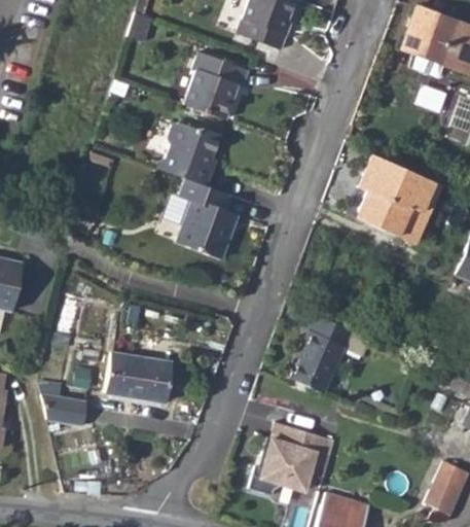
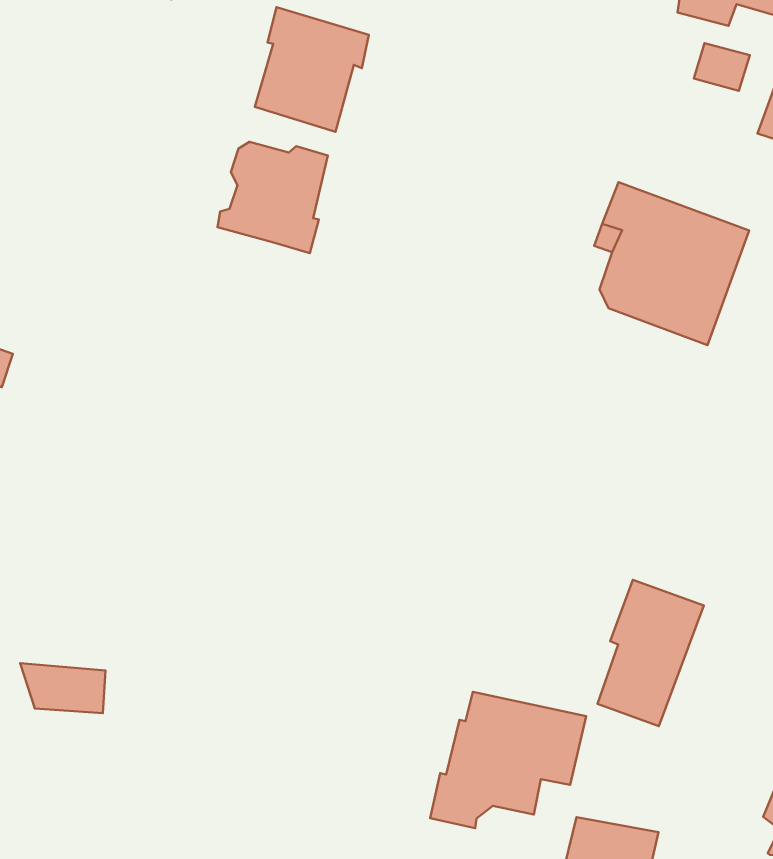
building: [179,175,241,255] -> none
building: [295,315,356,394] -> [597,580,704,726]
building: [99,348,167,396] -> none

